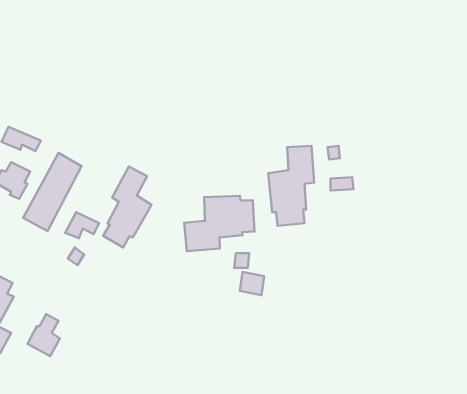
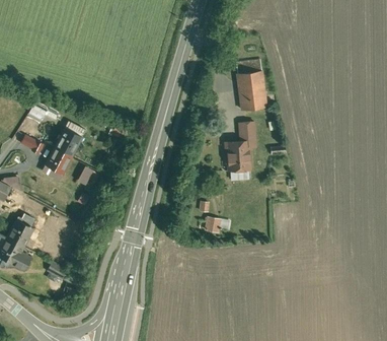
building: none -> [236,57,268,110]
building: [103,167,151,247] -> none
building: [184,196,254,251] -> none

